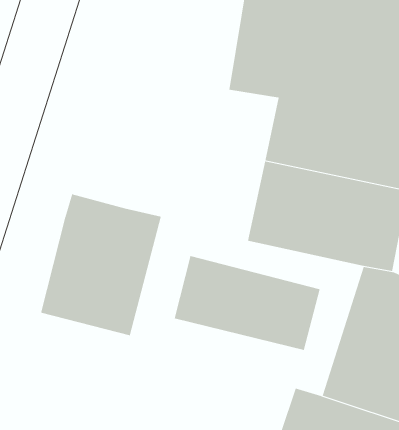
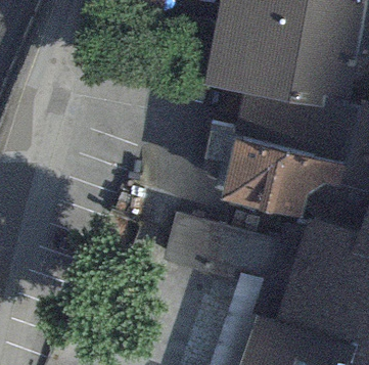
building: [40,193,161,336] -> none

